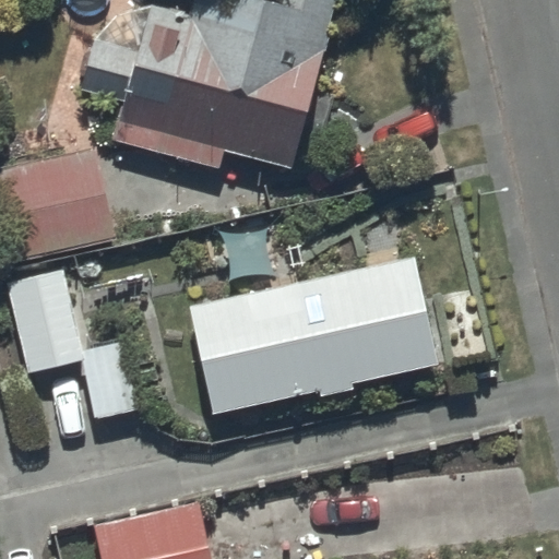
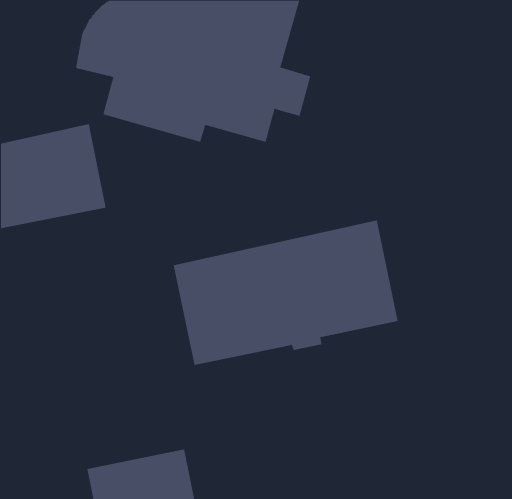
building: [8,267,141,423] -> none

